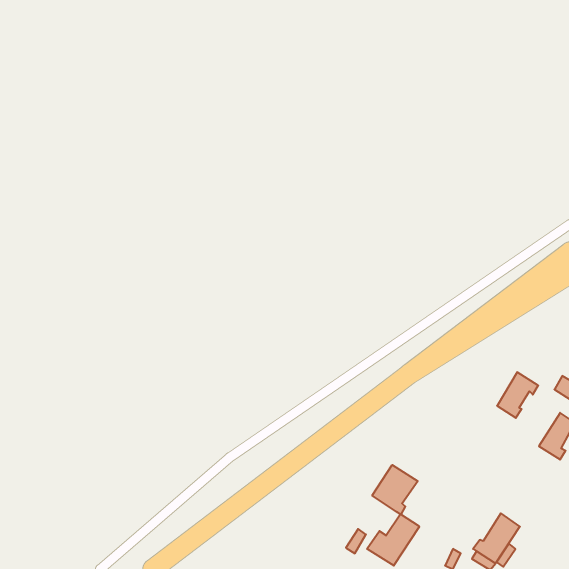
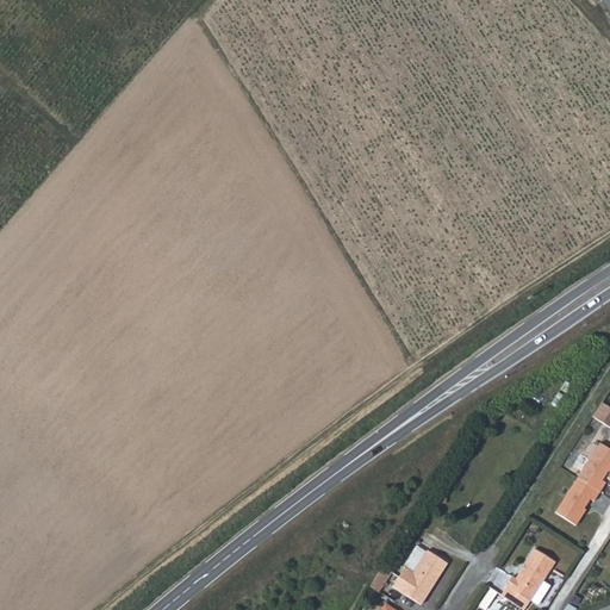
building: [497,372,538,418] -> [555,477,599,525]
building: [372,465,418,515] -> none

